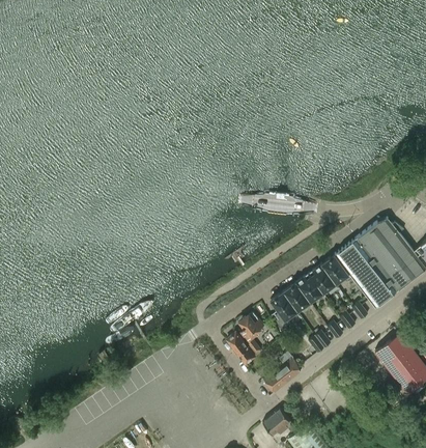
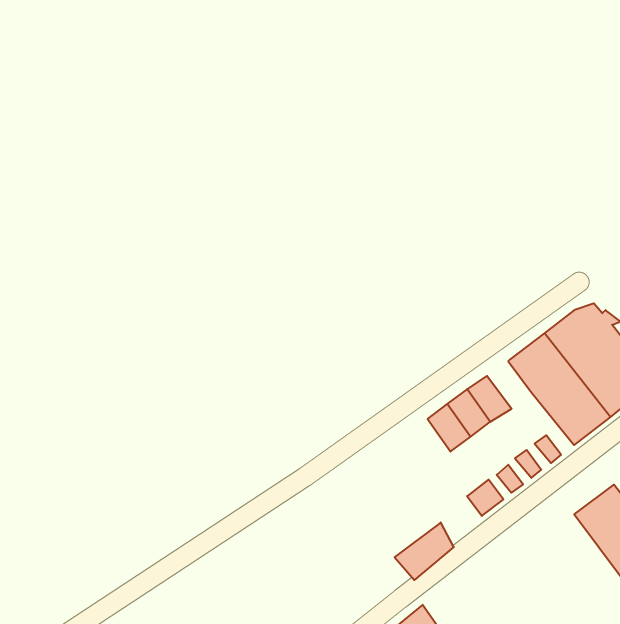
building: [320,255,348,285] -> none
building: [269,291,297,321] -> none
building: [227,312,263,363] -> none

